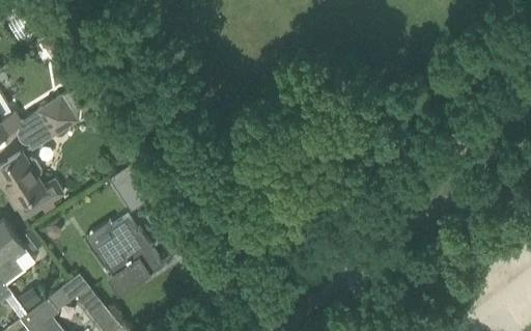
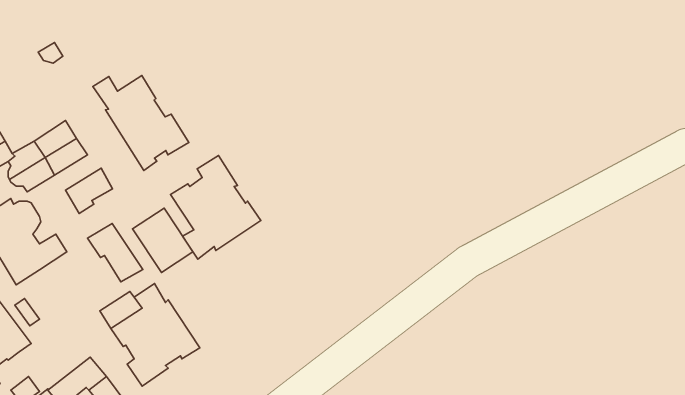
building: none -> [93,75,189,171]
building: none -> [170,155,261,259]
building: none -> [66,168,112,214]
building: none -> [88,223,143,282]

